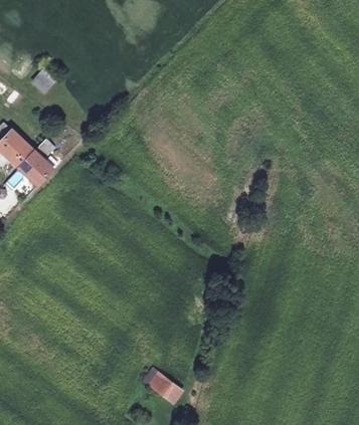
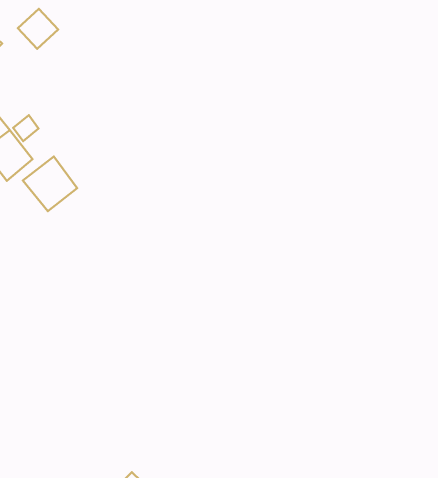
building: none -> [23,156,77,211]

